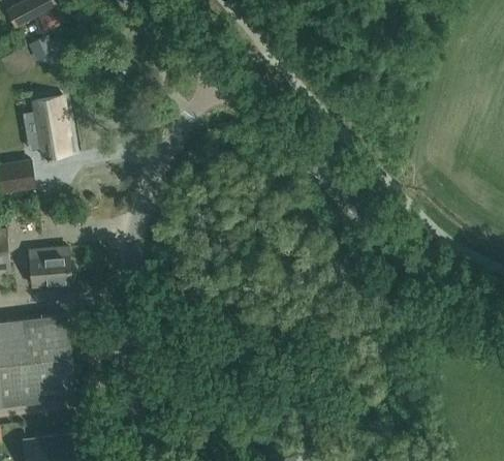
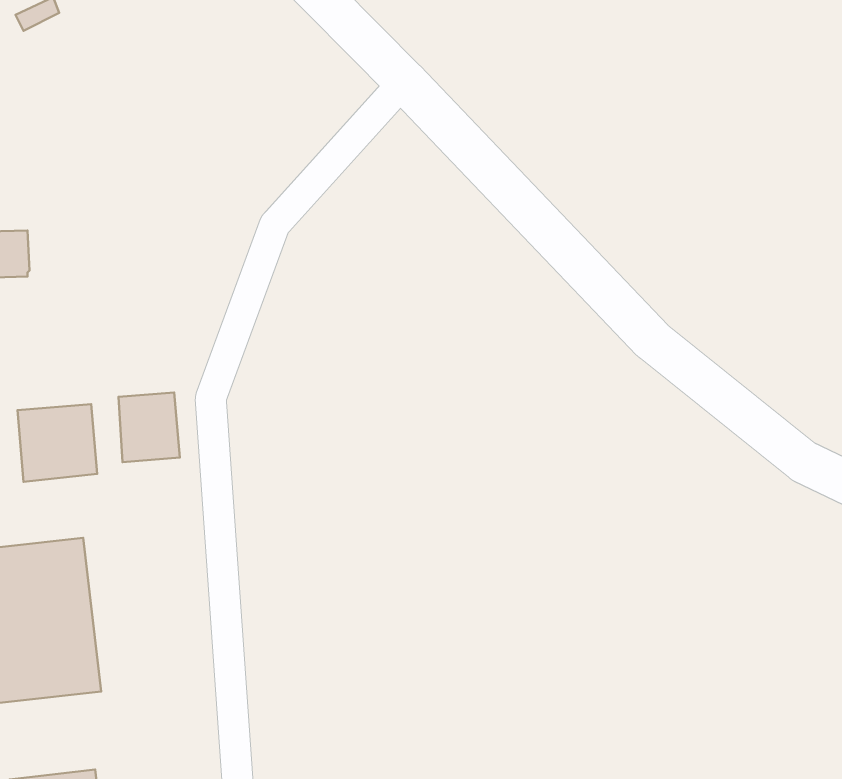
building: [32,99,66,160] -> none
building: none -> [119,392,180,462]

